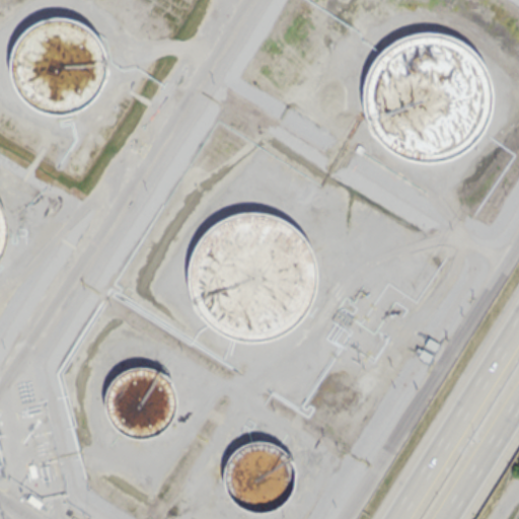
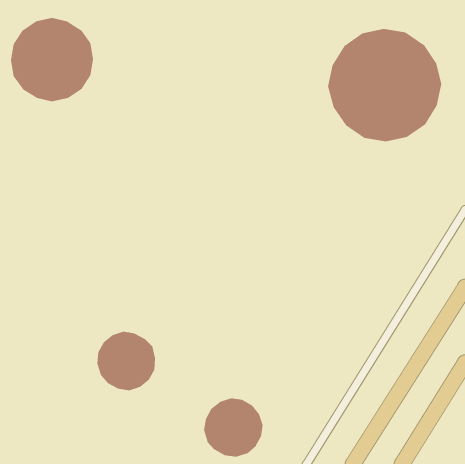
building: [188,209,315,337] -> none

